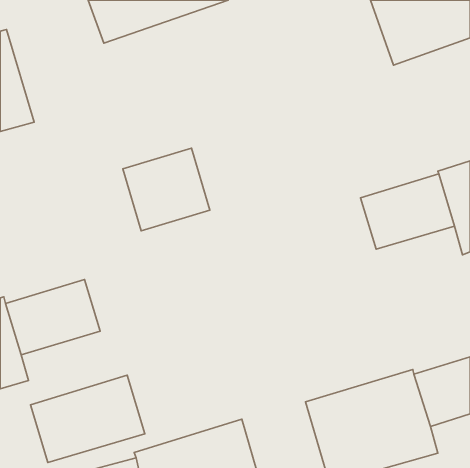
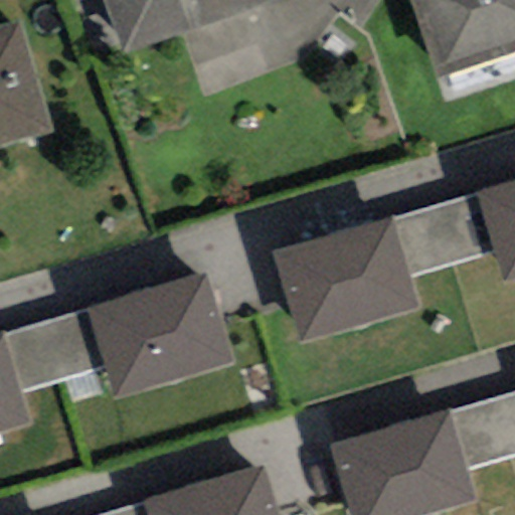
building: [123,148,210,231] -> none
building: none -> [276,213,420,340]
building: none -> [92,269,236,395]
building: [31,375,145,463] -> none

